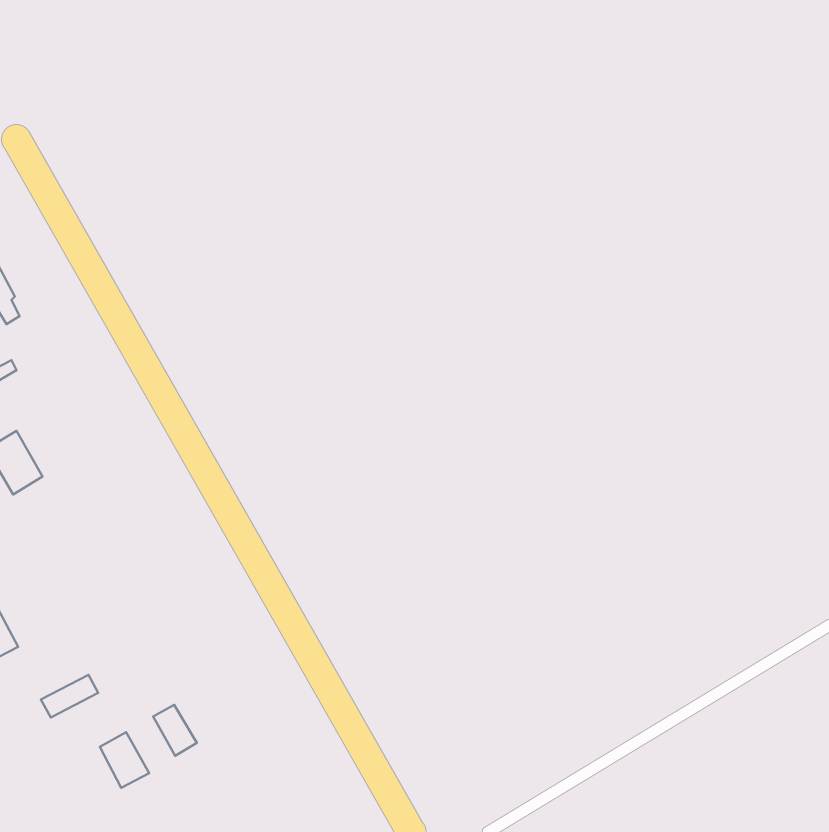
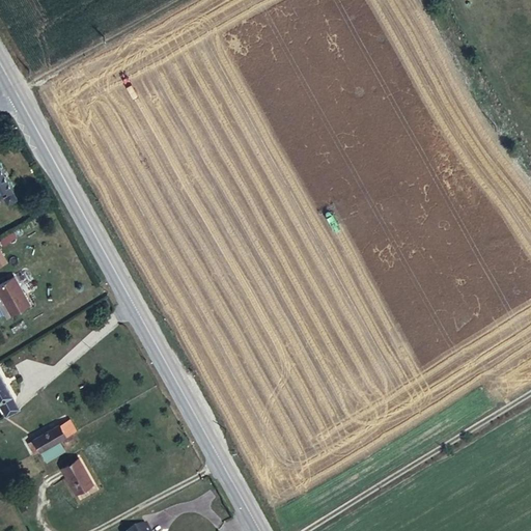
building: [153,705,197,756] -> none

